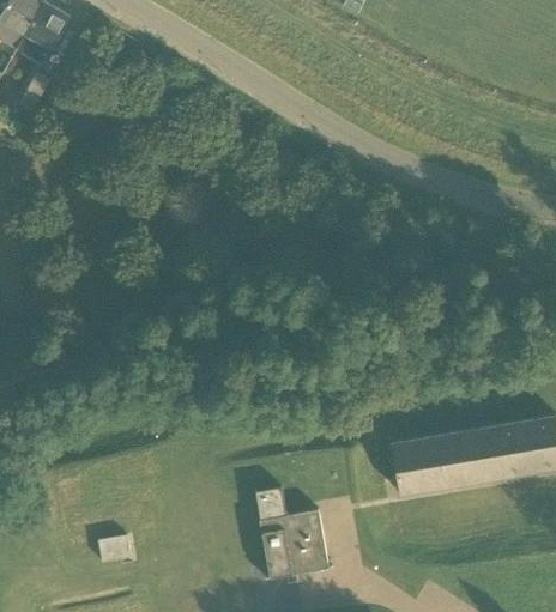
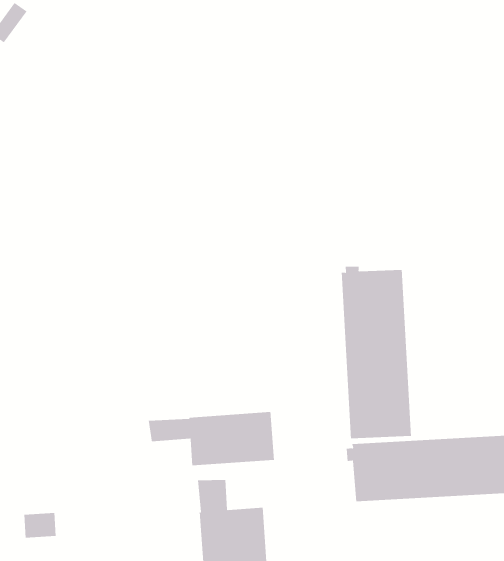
building: none -> [341,266,412,439]
building: none -> [148,411,274,466]

